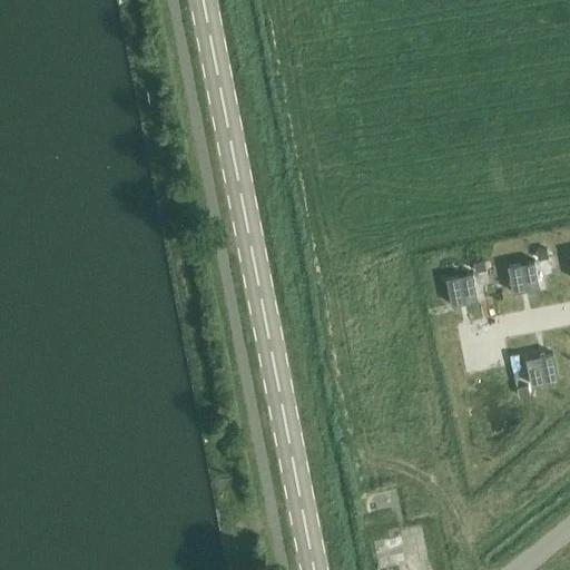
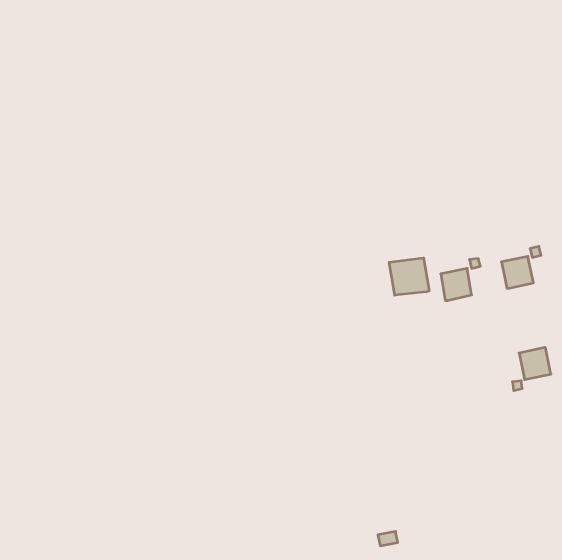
building: none -> [389,258,429,295]

